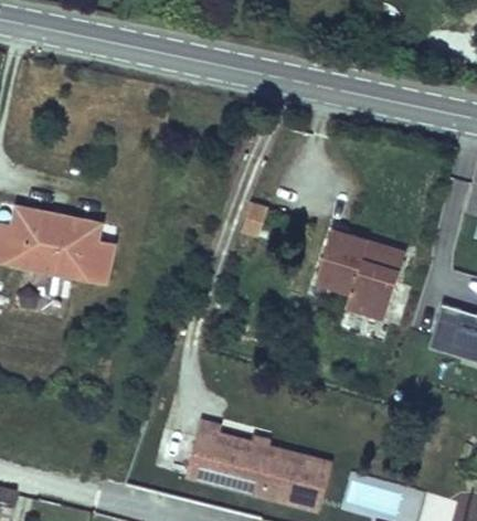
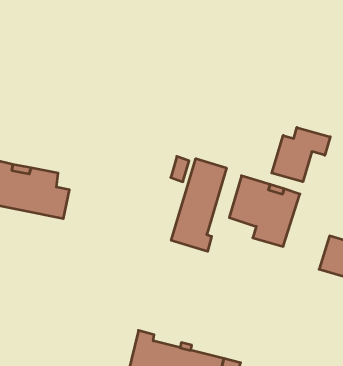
building: none -> [272,127,330,182]
building: none -> [171,159,226,251]

